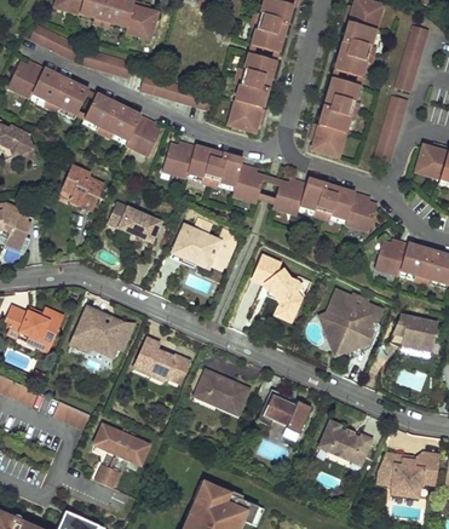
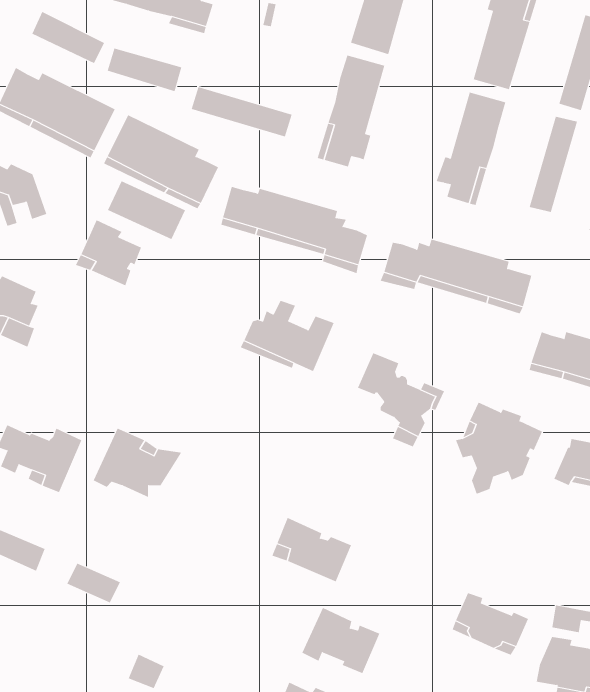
building: [109,201,163,242] -> [107,180,186,240]
building: [136,338,190,383] -> none
building: [258,389,312,435] -> [301,607,380,674]
building: [96,425,149,464] -> none

